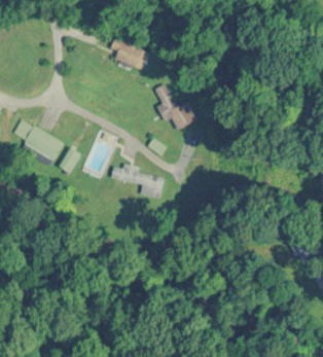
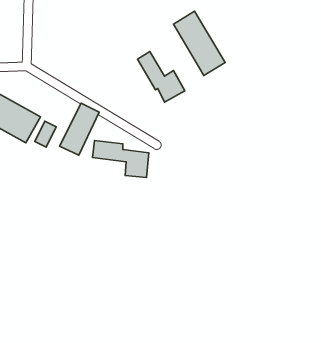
building: [116,40,149,69] -> none
building: none -> [174,11,225,76]

